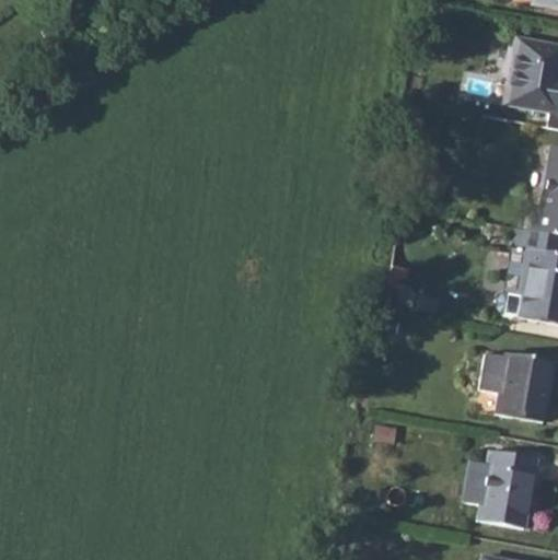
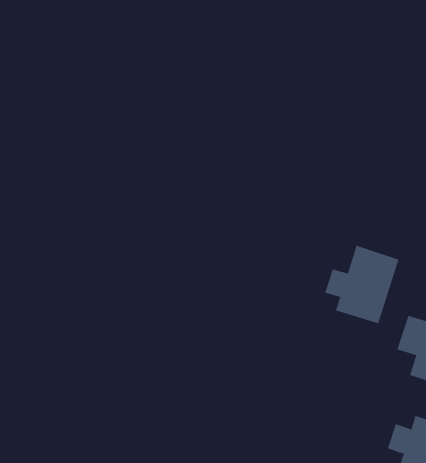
building: none -> [325,245,399,324]

